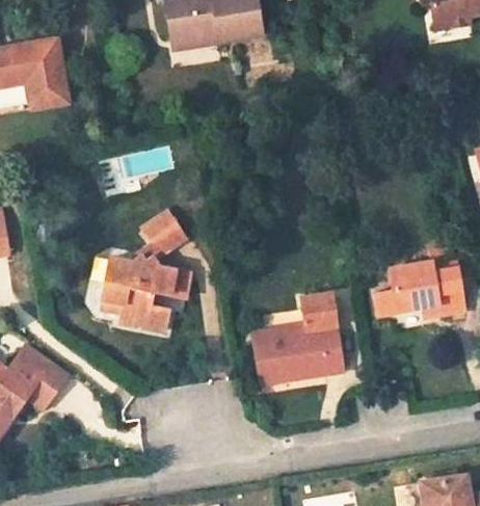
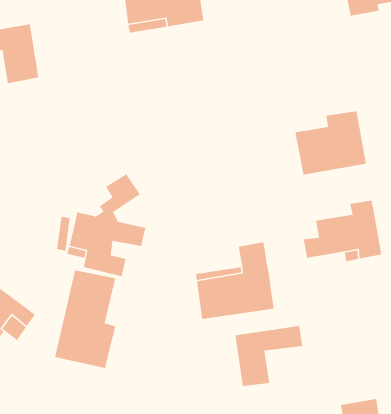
building: none -> [294,110,367,175]
building: none -> [54,269,116,369]
building: none -> [234,325,303,387]

